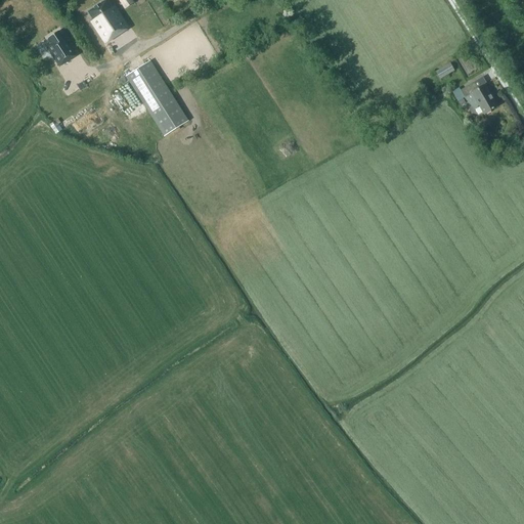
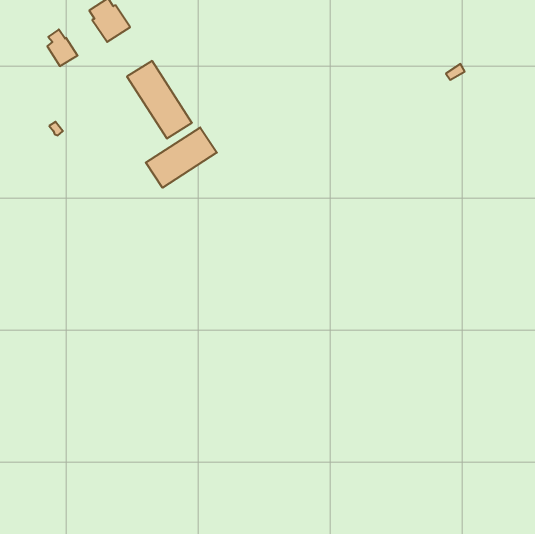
building: [460,82,495,113] -> none
building: none -> [146,127,217,188]

